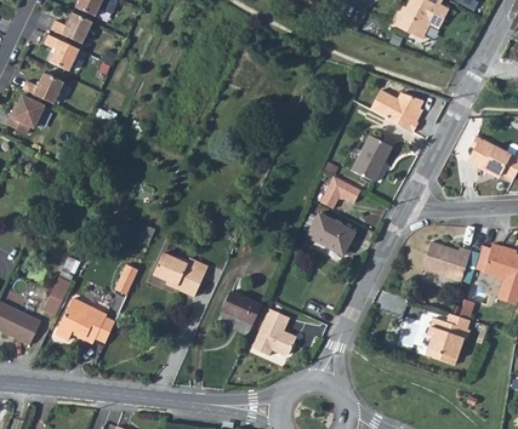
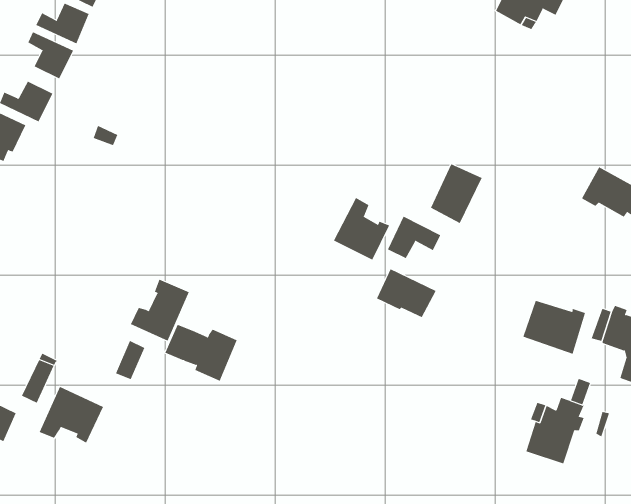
building: [369,91,422,132] -> none
building: none -> [333,197,390,261]
building: none -> [130,279,190,342]
building: [222,296,261,328] -> none
building: [251,310,296,359] -> none

